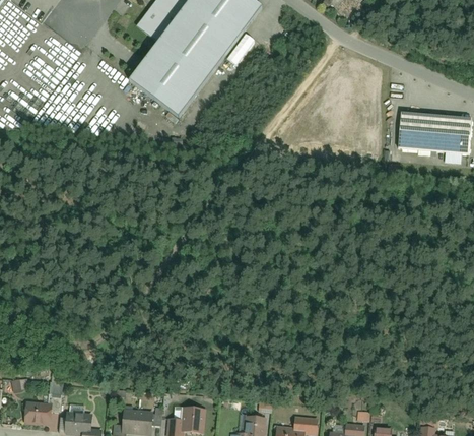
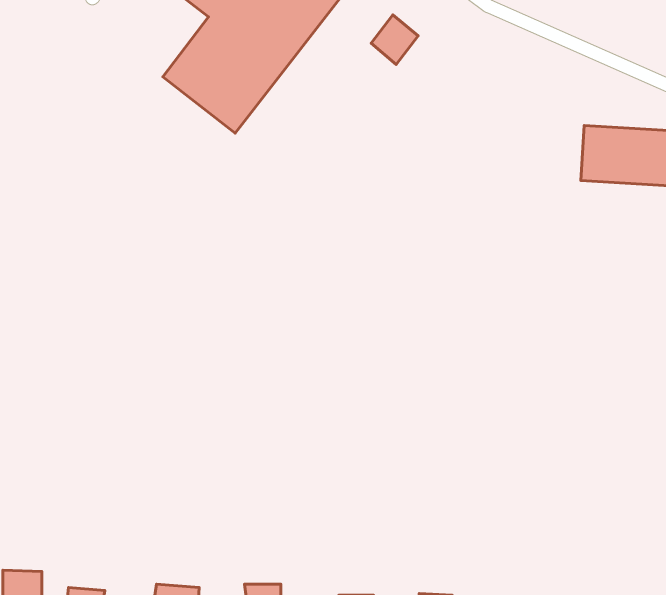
building: none -> [371,15,418,64]

